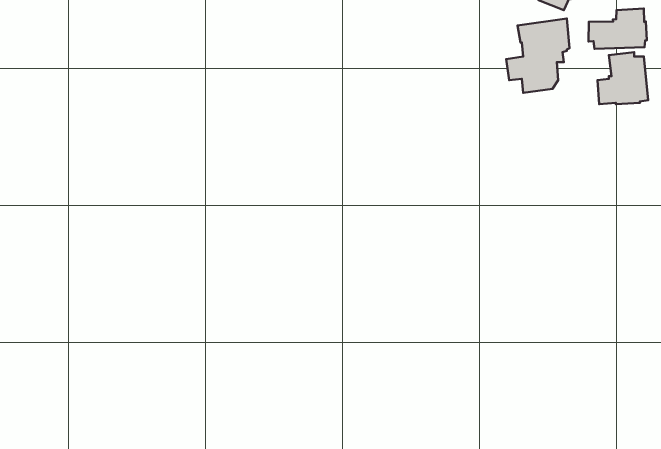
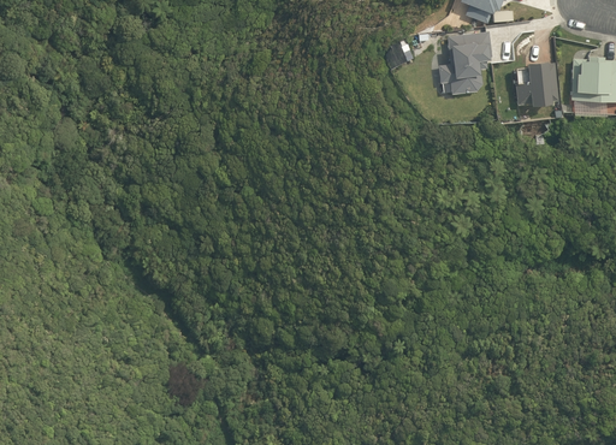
building: [589,9,647,49] -> none

